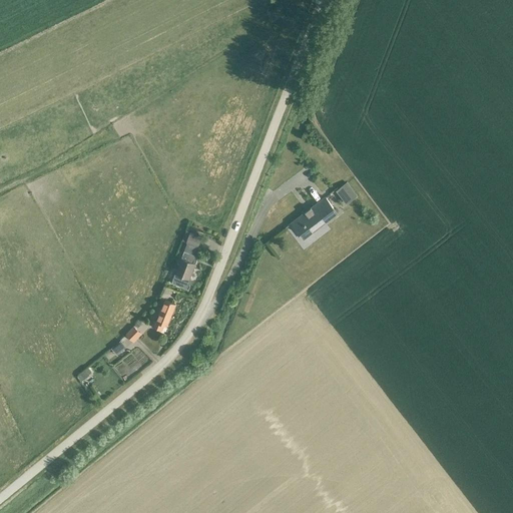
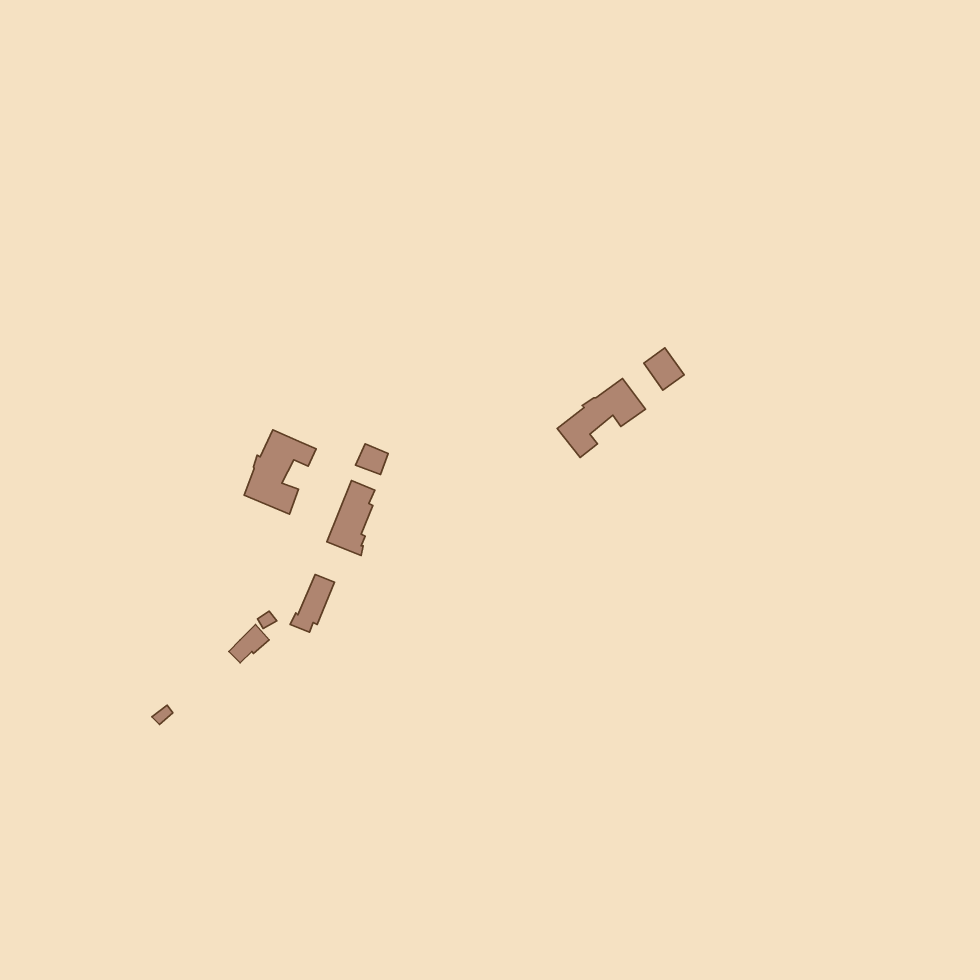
building: none -> [244,430,316,514]

